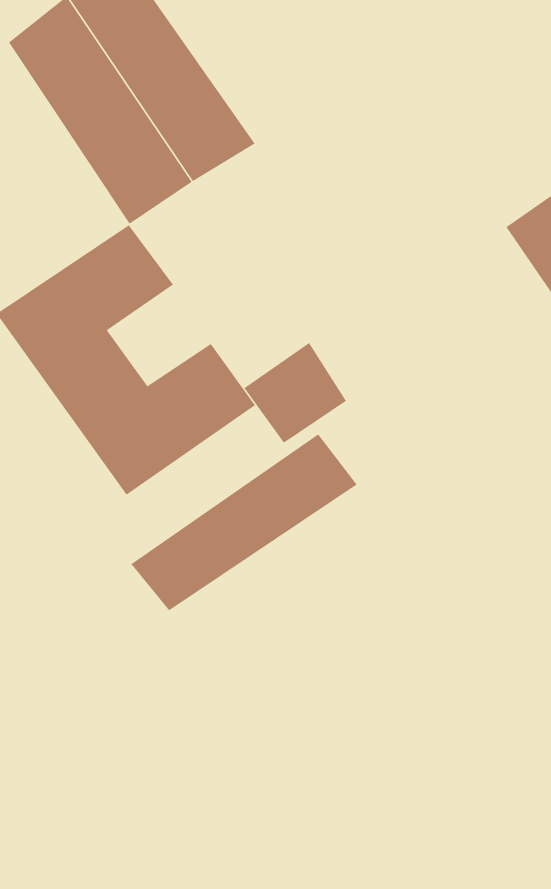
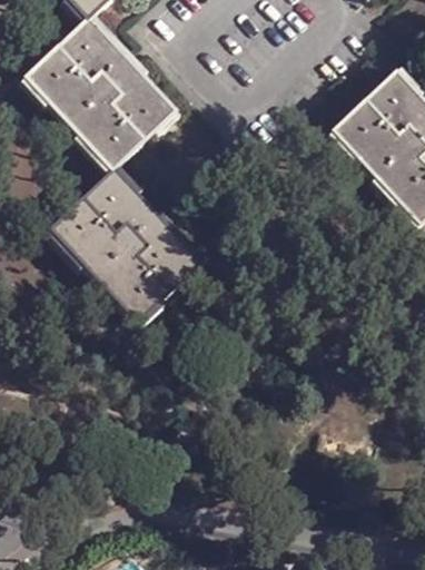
building: [244,342,347,443] -> [111,197,171,257]
building: [130,433,358,611] -> none

